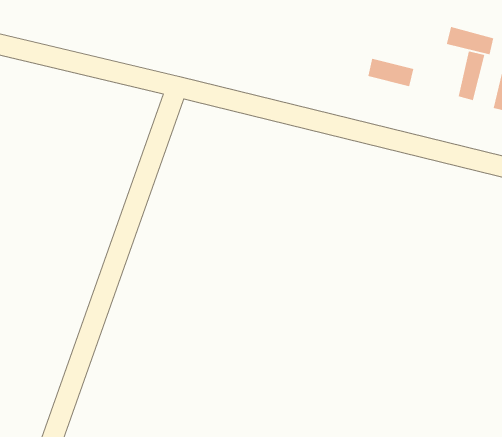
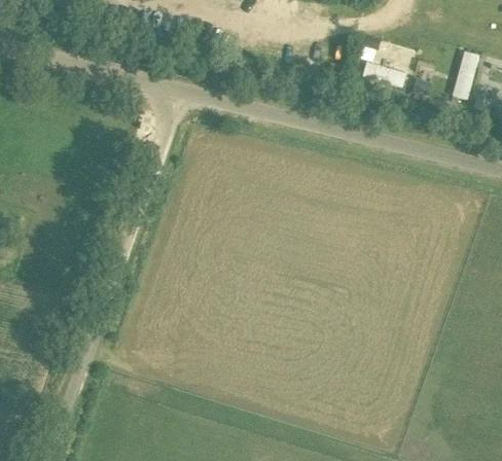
building: [446,26,494,55] -> none

